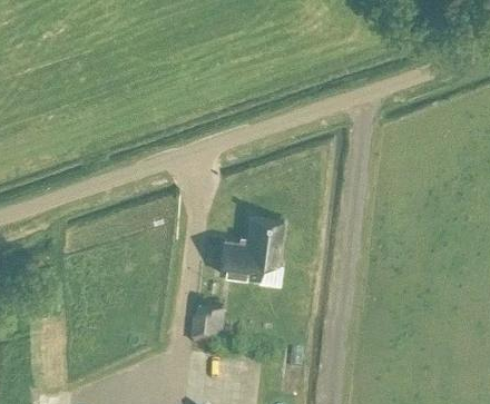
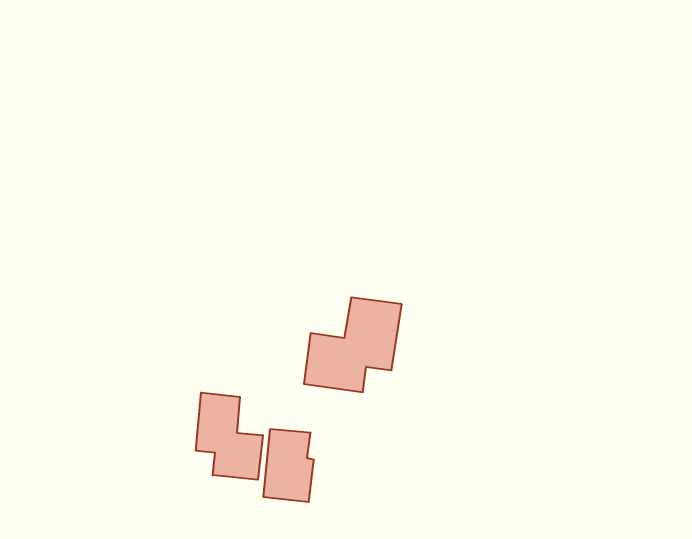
building: none -> [196,392,263,480]

